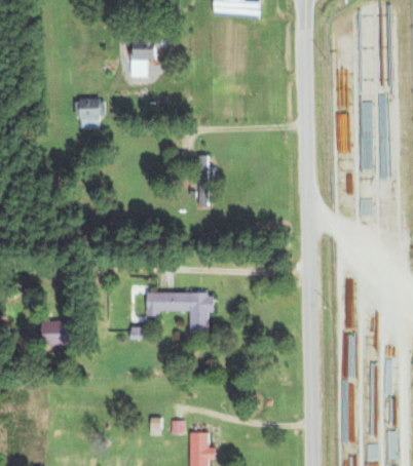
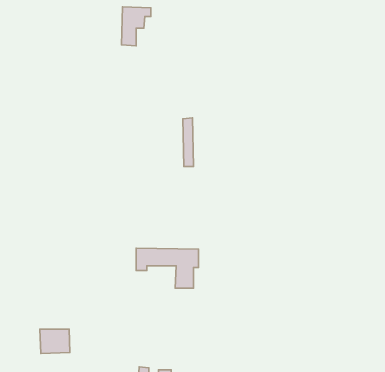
building: [74,100,103,118] -> none
building: [41,321,73,347] -> [40,329,70,353]

